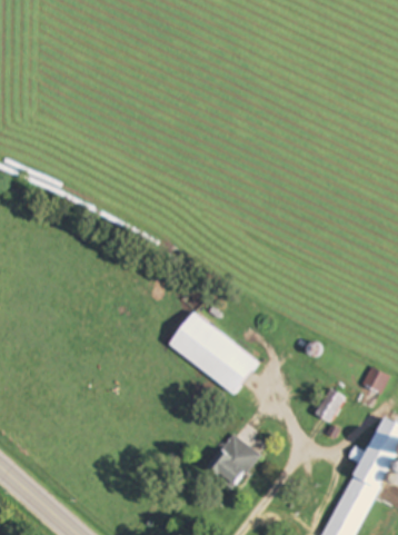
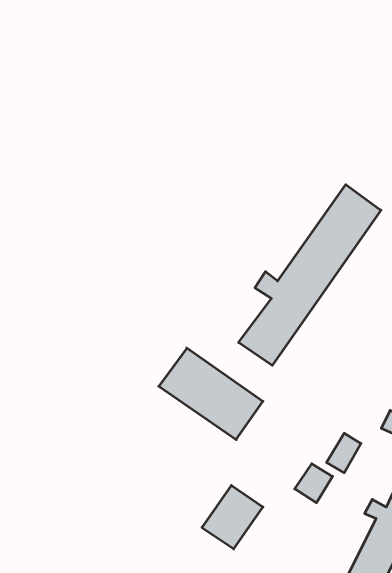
building: none -> [239,185,381,365]
building: none -> [295,464,333,503]

